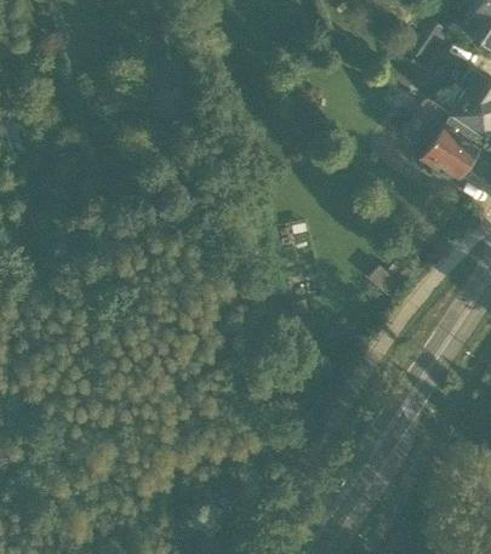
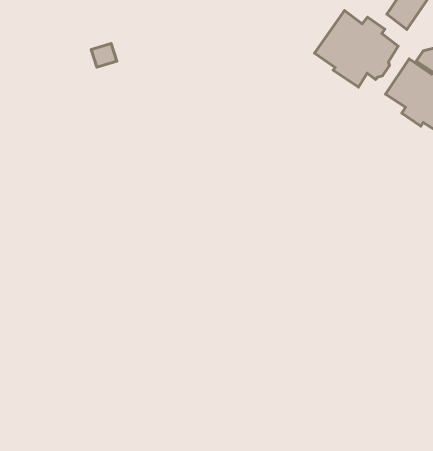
building: none -> [314,11,398,87]

